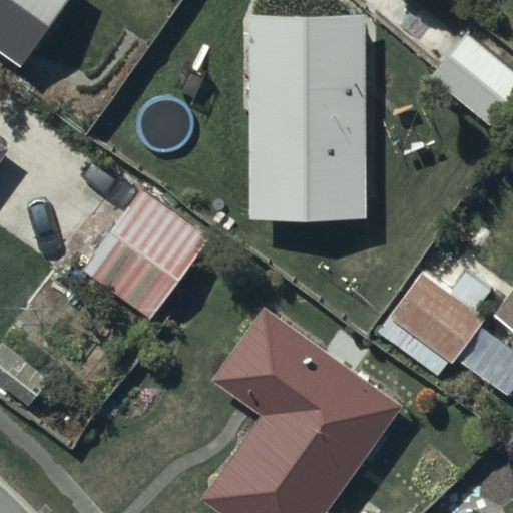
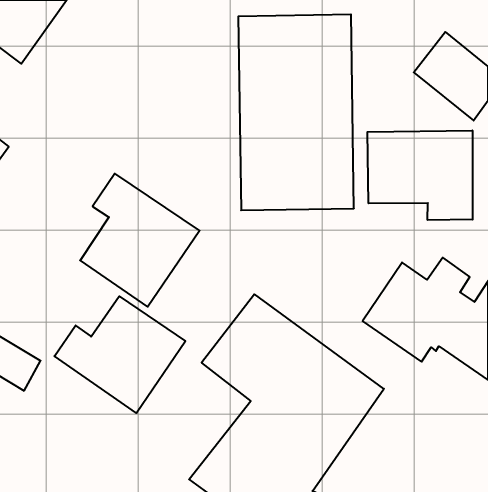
building: none -> [367,130,473,220]
building: none -> [54,296,185,413]

